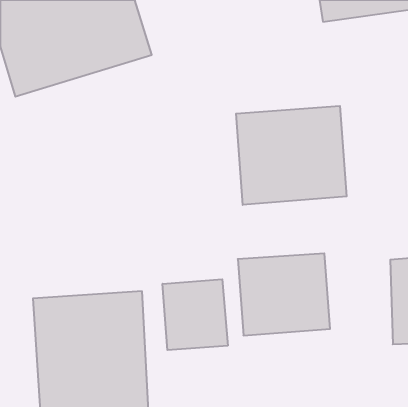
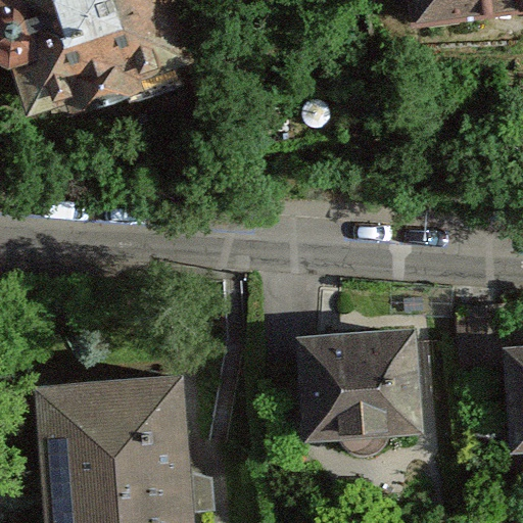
building: [236,106,347,205] -> none
building: [163,279,228,350] -> none

